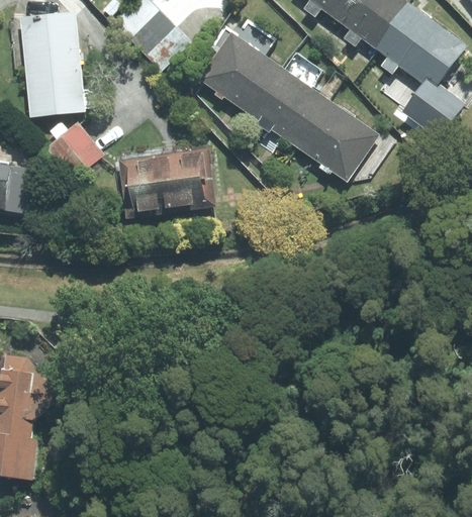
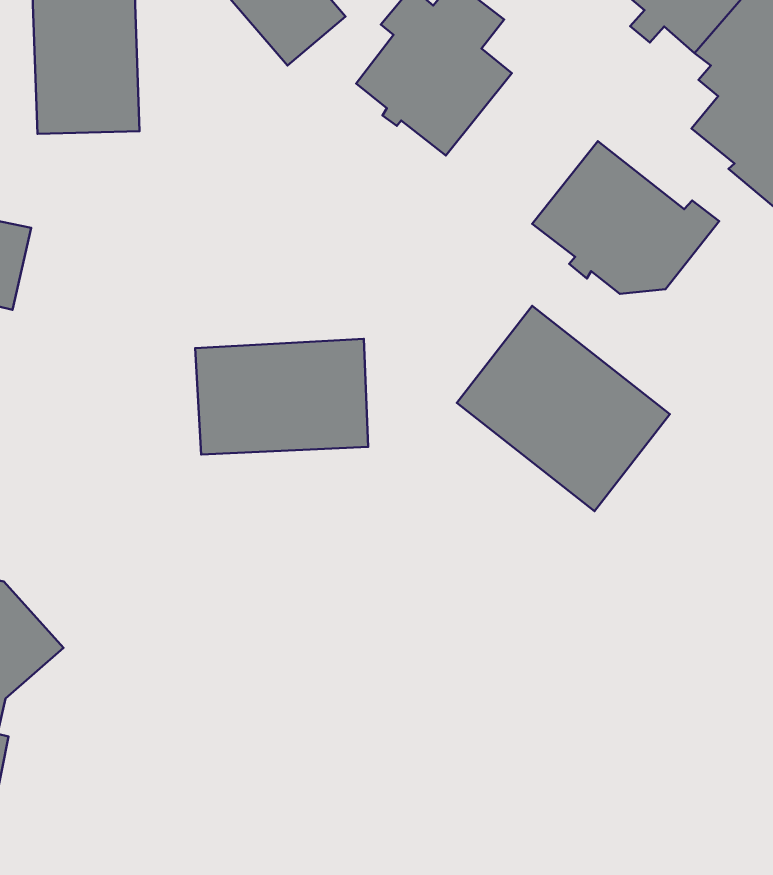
building: [249,50,329,146] -> none
building: [46,121,104,179] -> none
building: [118,148,214,216] -> [195,339,368,454]
building: none -> [457,306,670,511]

